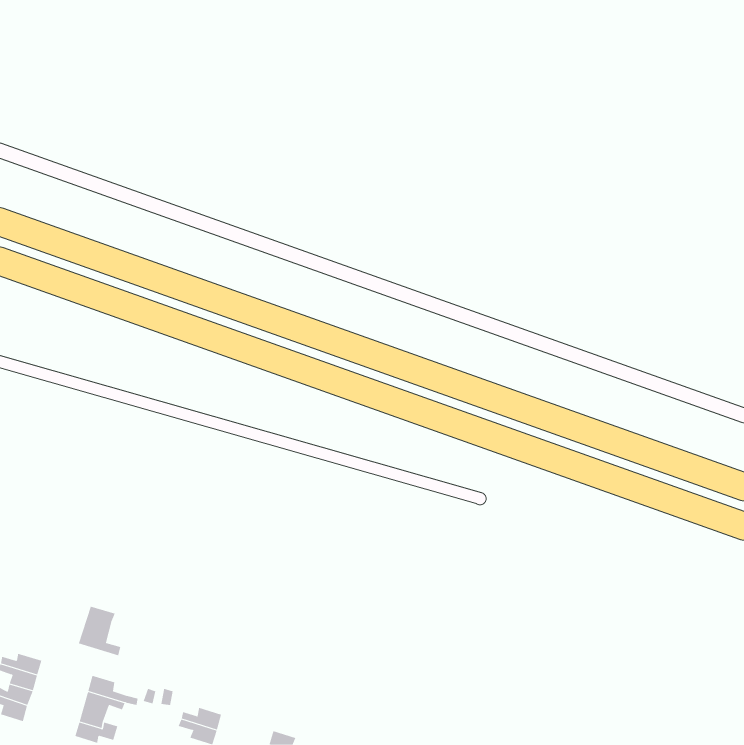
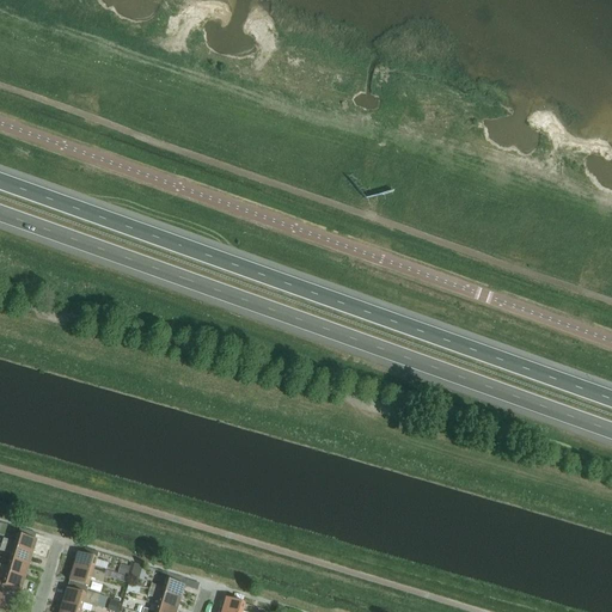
building: [78,606,121,656] -> none

